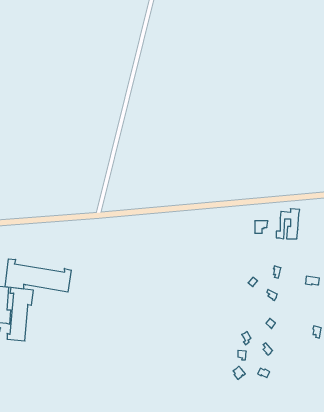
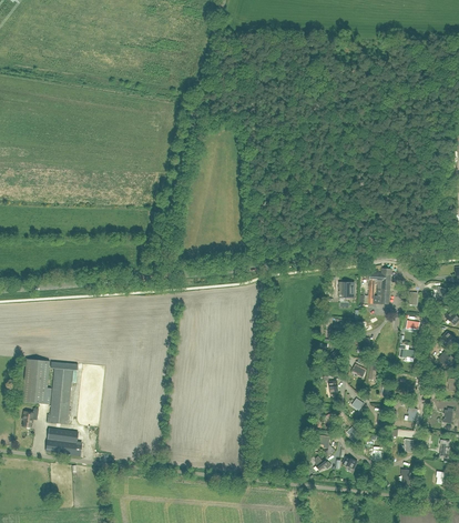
building: [5,259,71,292] -> none
building: none -> [45,429,81,456]

